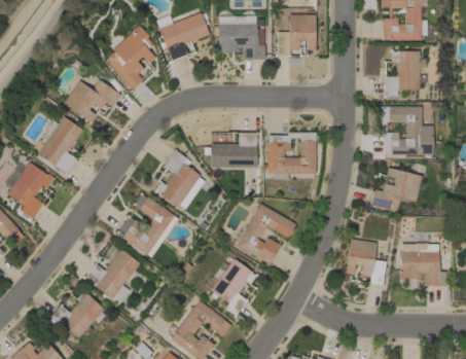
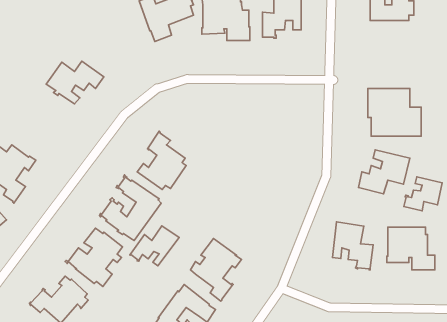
building: [106,26,156,91] -> none
building: [386,51,428,97] -> none
building: [35,116,83,171] -> none
building: [212,132,259,168] -> none
building: [268,133,317,180] -> none
building: none -> [404,177,442,211]
building: [238,204,296,264] -> none
building: none -> [130,226,179,266]

